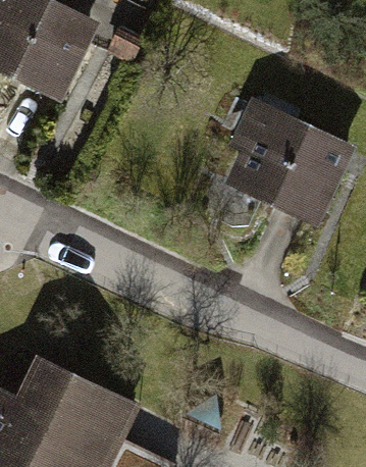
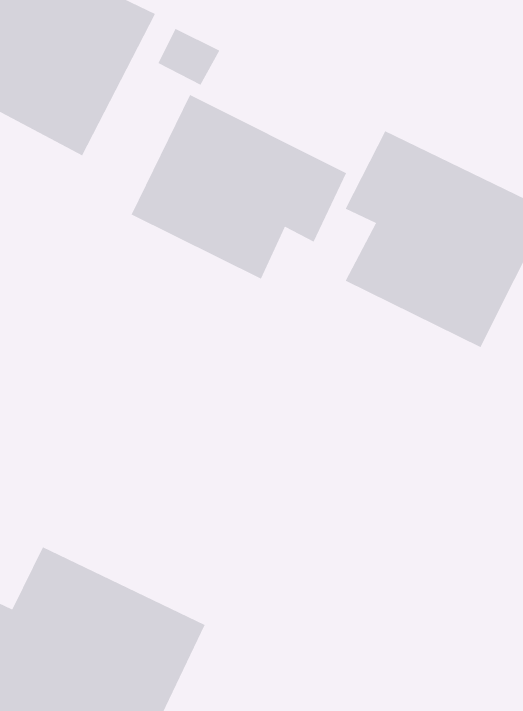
building: none -> [131,94,347,279]

